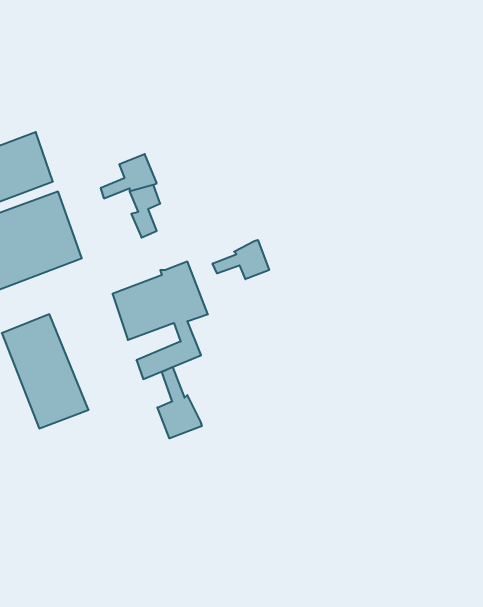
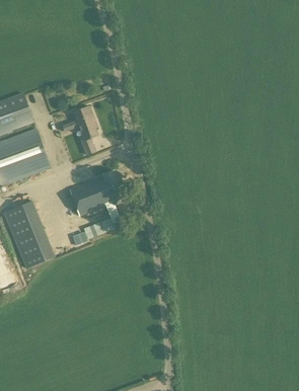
building: [213,240,269,279] -> none
building: [157,367,202,438] -> none

